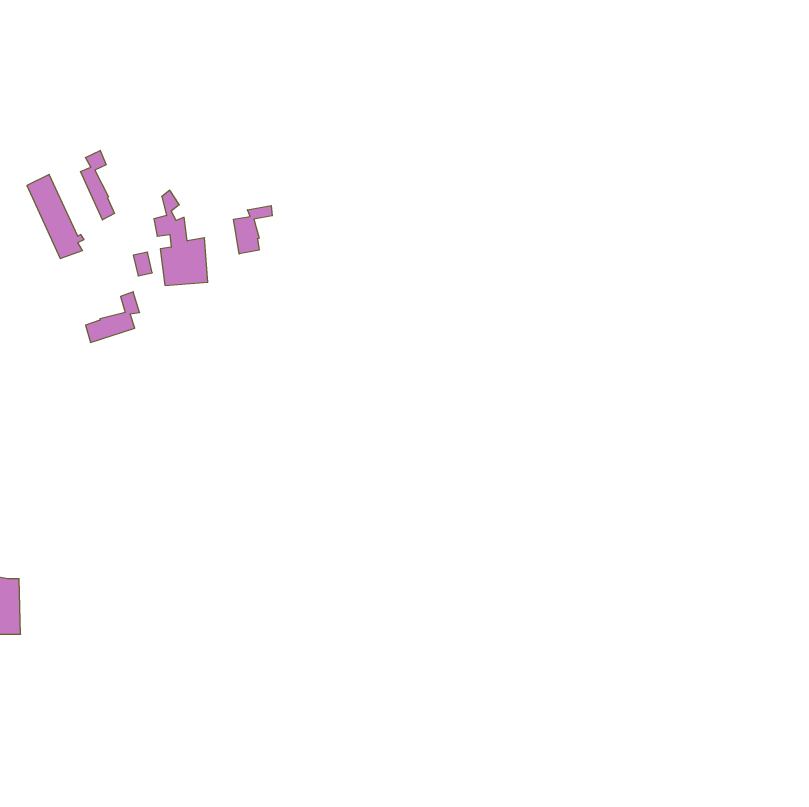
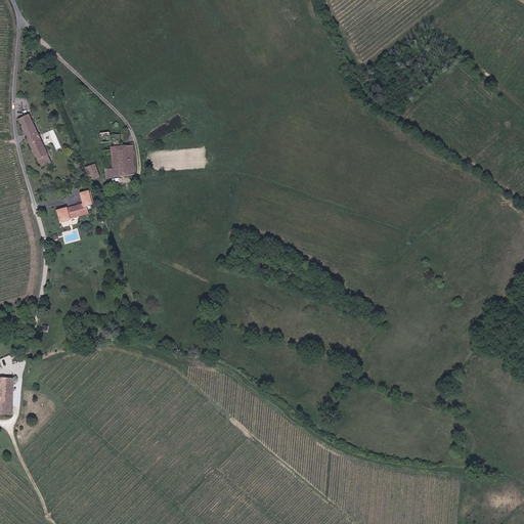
building: [80,150,115,220] -> none
building: [233,206,272,254] -> none

